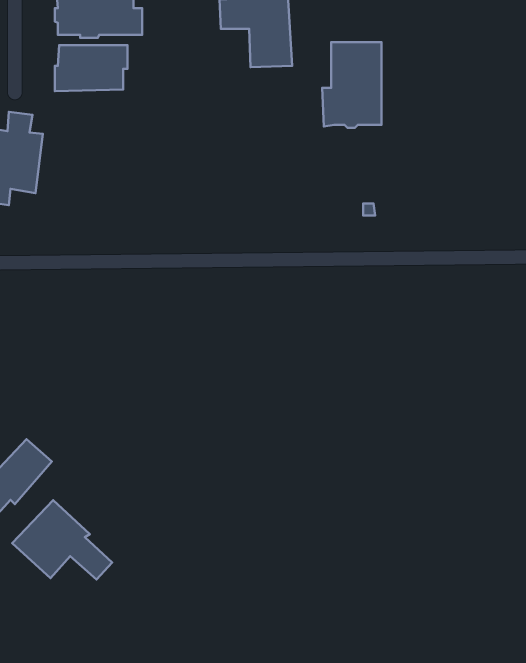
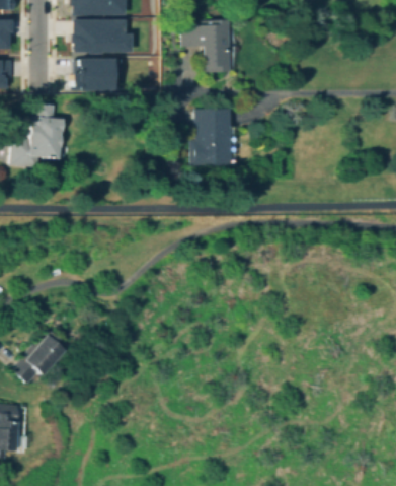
building: [322,42,382,128] -> [192,110,233,168]
building: [12,500,112,579] -> none

